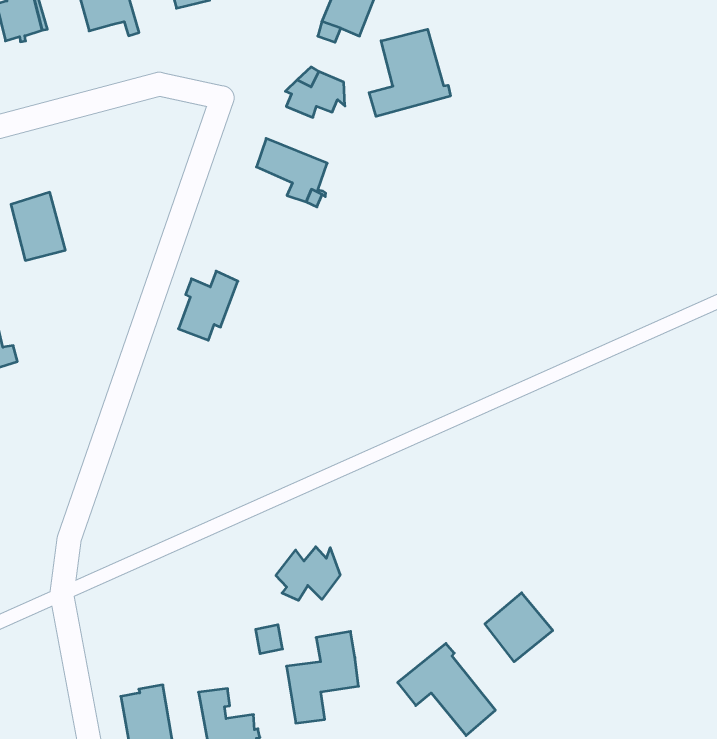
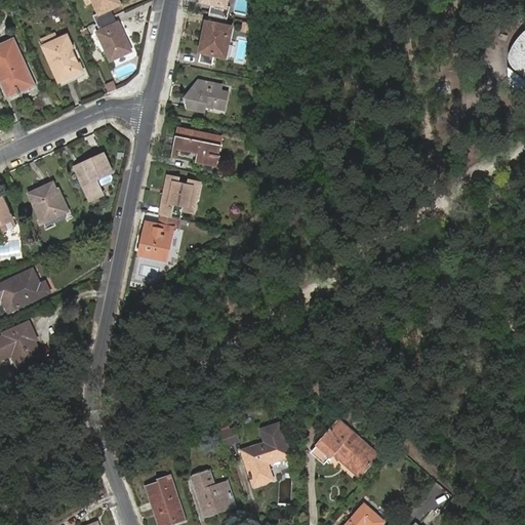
building: [369,29,450,116] -> none
building: none -> [74,155,110,200]
building: none -> [160,177,198,219]
building: [276,547,340,600] -> none
building: [485,593,553,662] -> none

